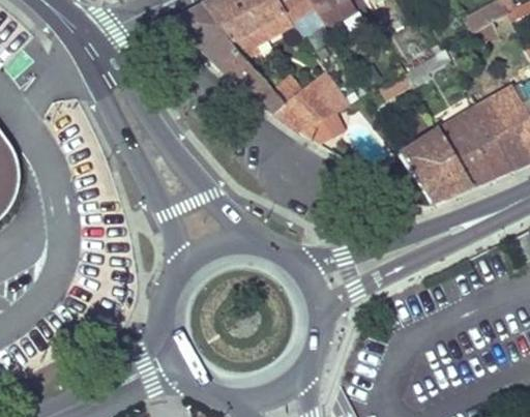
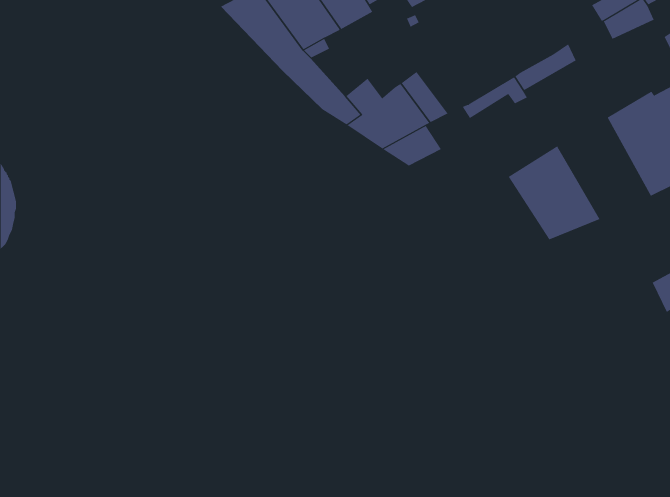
building: [440,106,512,185] -> none

